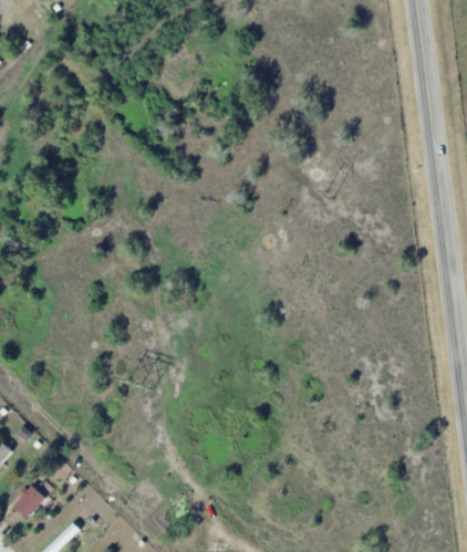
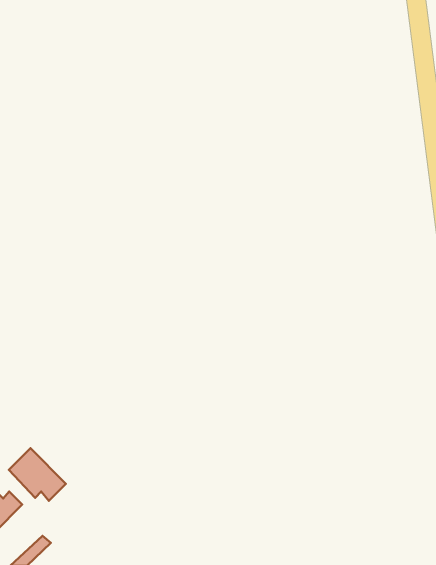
building: none -> [9,448,66,501]

